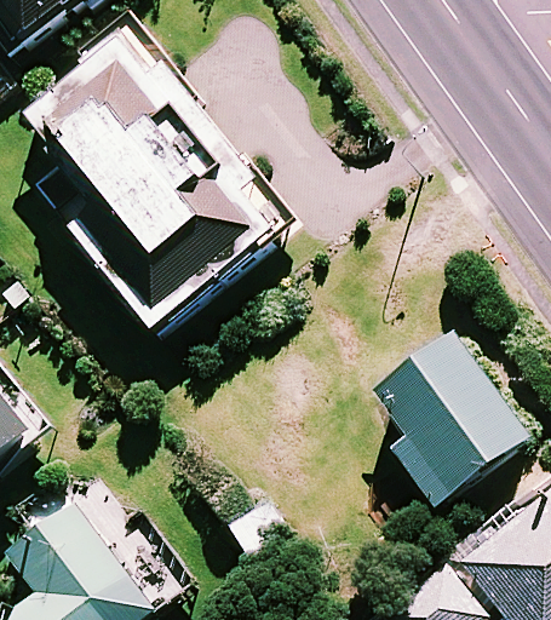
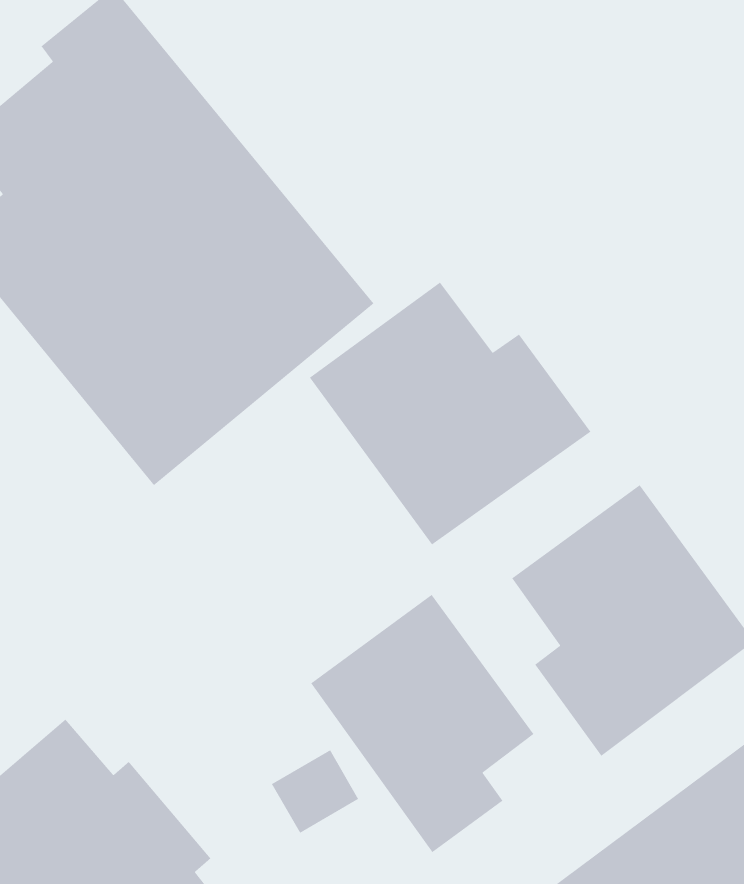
building: none -> [309,281,591,546]
building: none -> [310,594,534,853]

